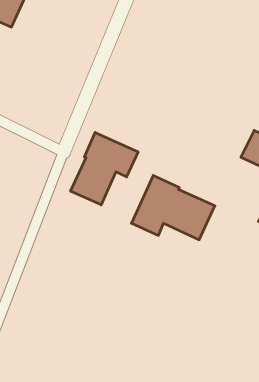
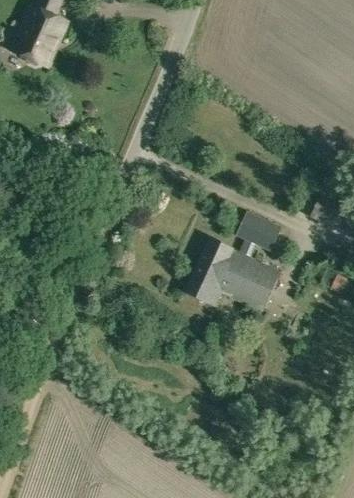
building: [71,132,138,205] -> none
building: none -> [237,213,280,250]

